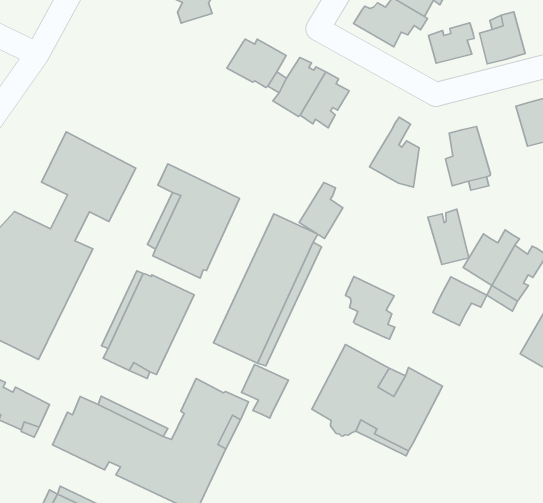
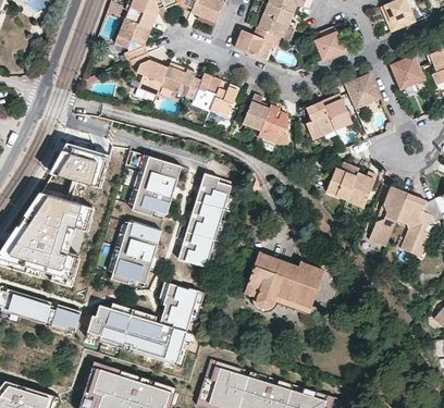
building: none -> [131,53,169,96]
building: [428,23,474,63] -> none
building: [299,183,343,238] -> [244,95,270,129]
building: [428,209,469,264] -> [322,92,352,128]
building: [346,276,395,339] -> none
building: [433,277,487,325] -> none
building: [241,365,289,418] -> none

